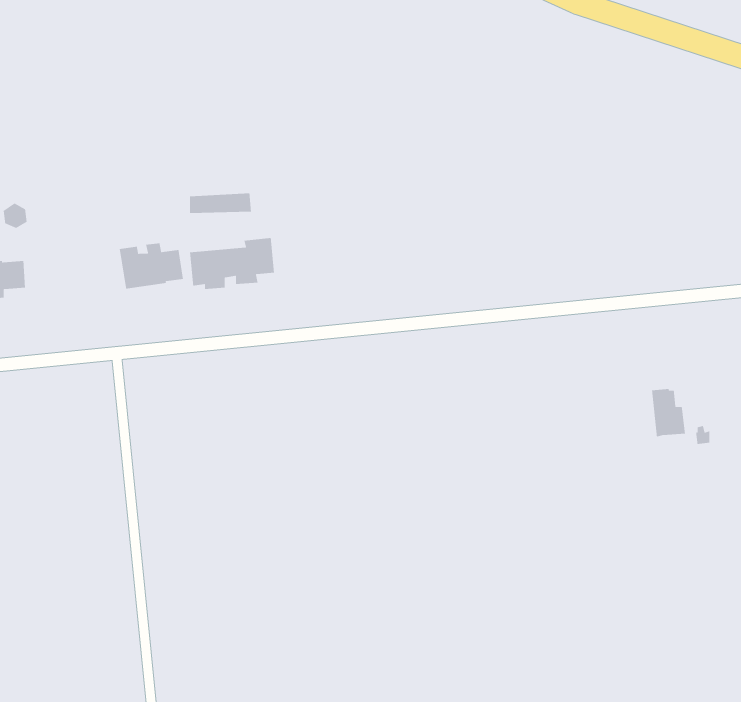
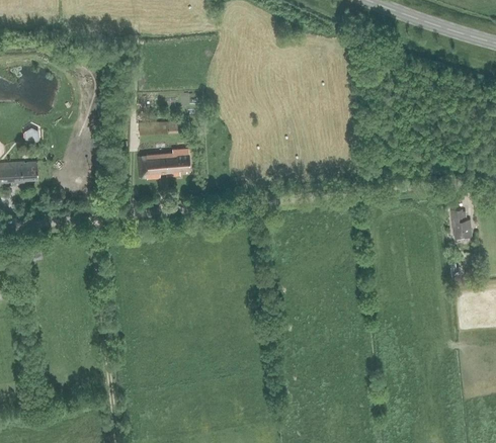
building: [119,243,184,289] -> none
building: [651,388,686,438] -> [449,208,471,239]

